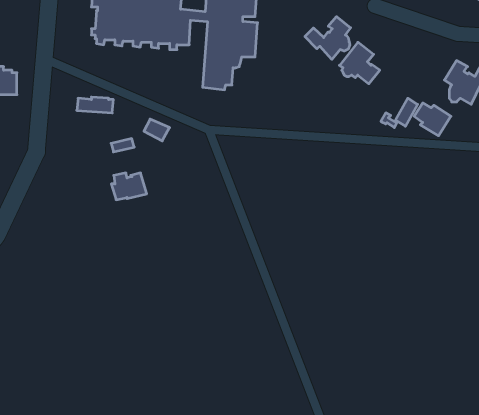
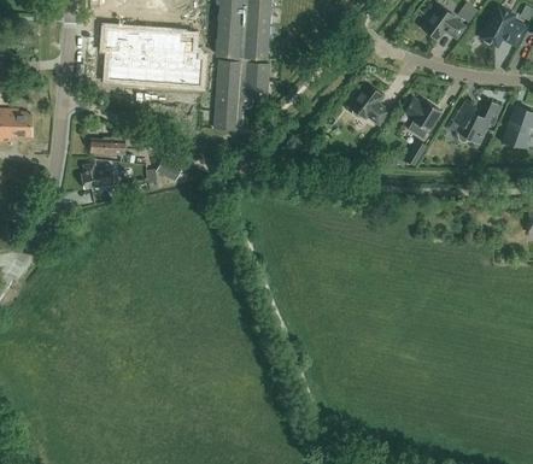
building: [305,17,351,59] -> none
building: [414,103,451,136] -> [405,98,441,130]
building: [111,173,147,200] -> [81,161,116,188]

